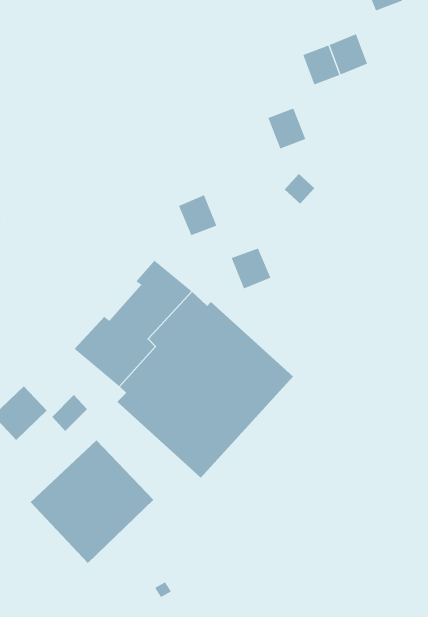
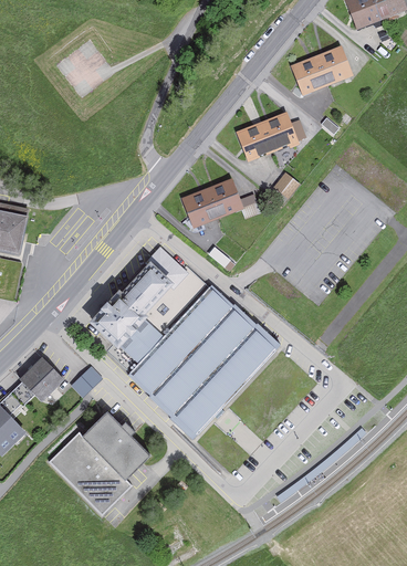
building: none -> [234,122,270,159]
building: [231,248,271,289] -> [204,180,239,217]

